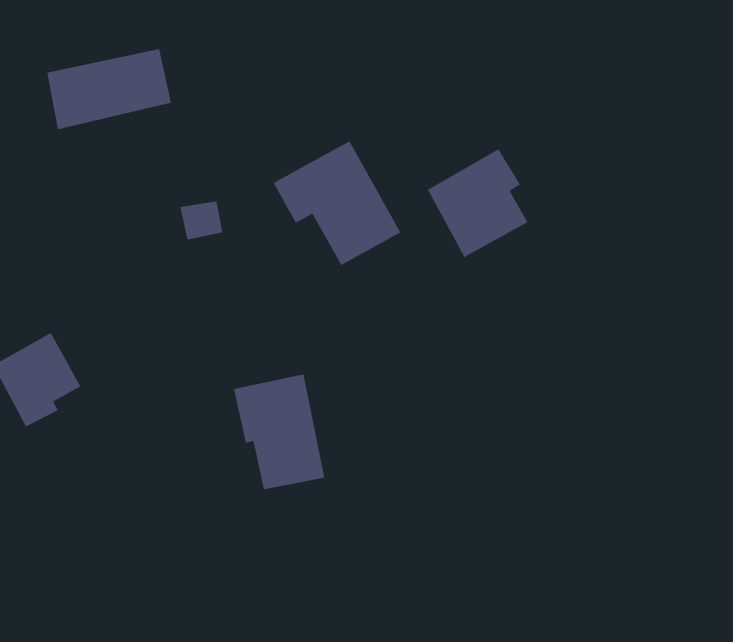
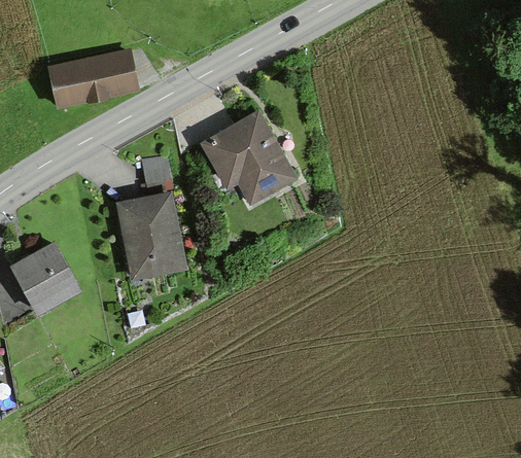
building: [427,149,528,258] -> none
building: [233,374,325,490] -> [119,195,182,274]

